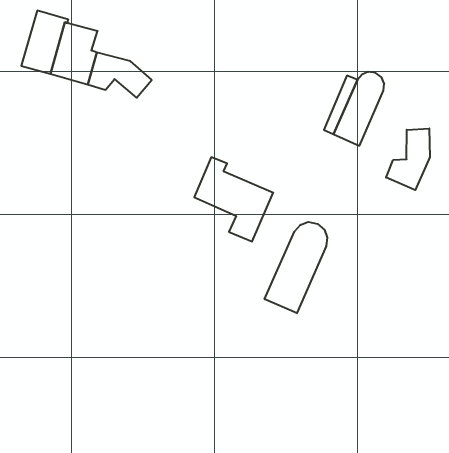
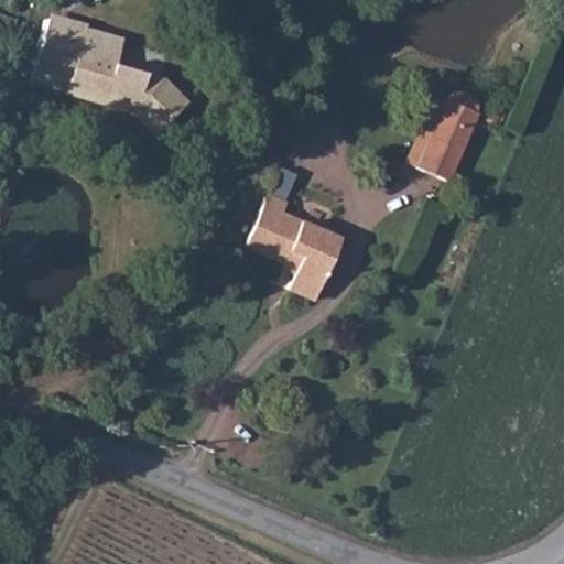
building: [386,128,430,190] -> none
building: [265,222,327,313] -> none

